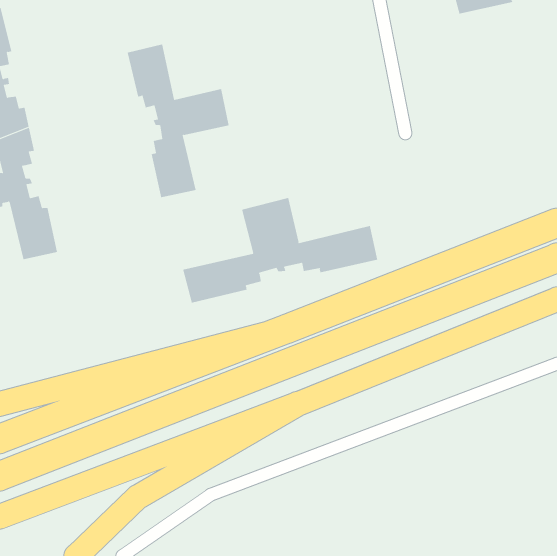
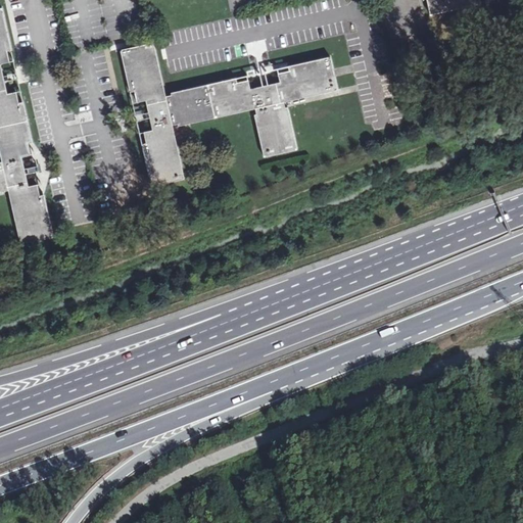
building: none -> [207,55,337,157]
building: [182,197,378,304] -> none

